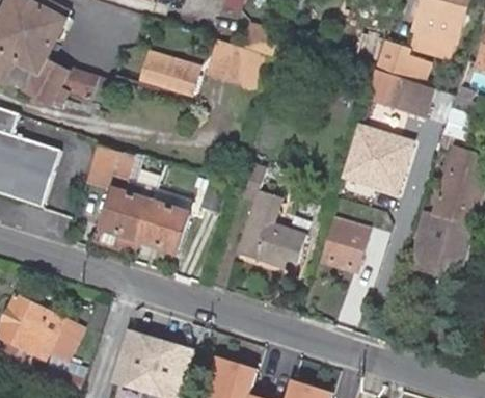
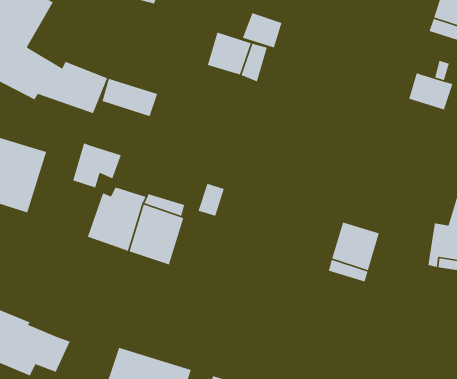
building: [374,45,413,80] -> none
building: [143,57,195,94] -> [101,78,158,117]
building: [339,123,414,197] -> none
building: [227,159,303,271] -> none

